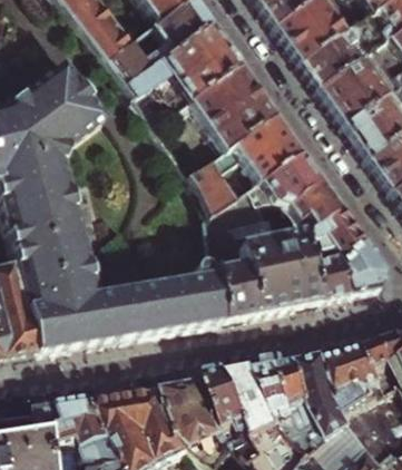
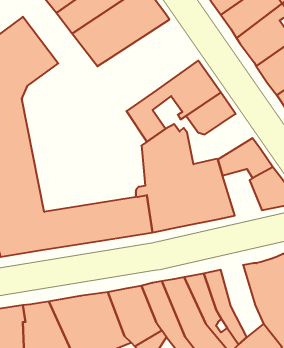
building: [171,63,276,148] -> none
building: [284,176,341,231] -> none
building: [305,242,352,297] -> none
building: [303,356,354,442] -> none

